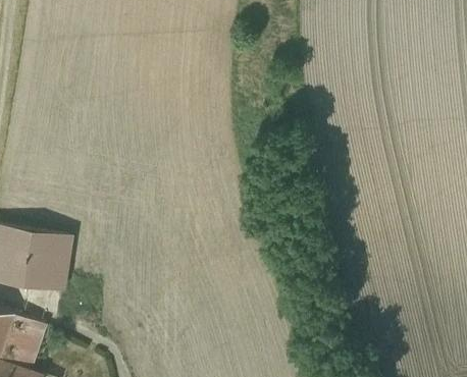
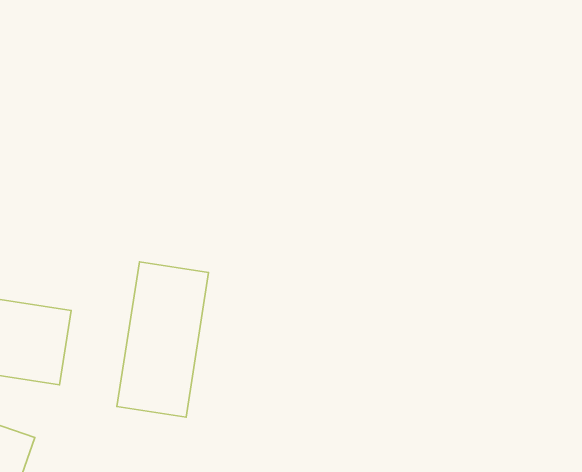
building: none -> [117,262,209,417]

